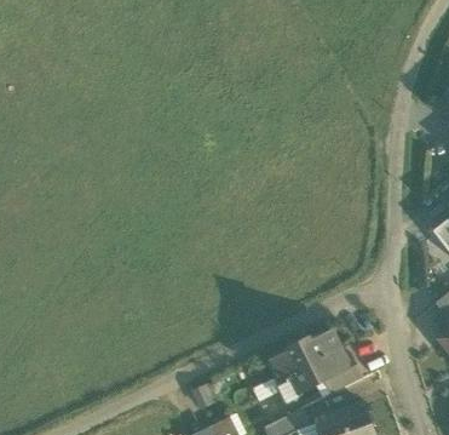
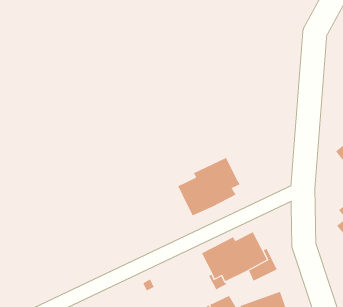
building: none -> [178,157,240,216]

